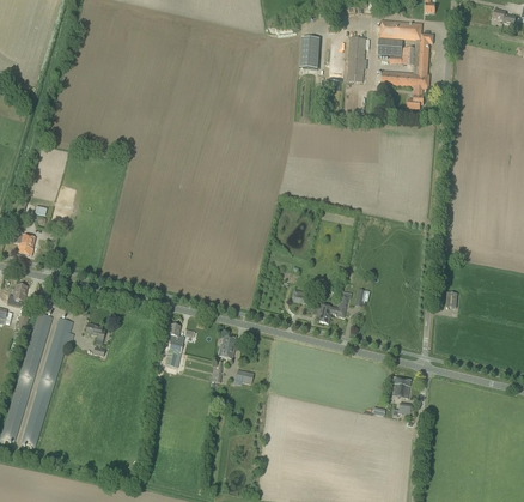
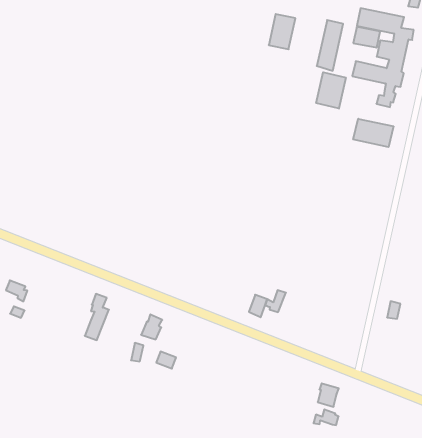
building: none -> [316,72,346,109]
building: none -> [353,119,393,147]

